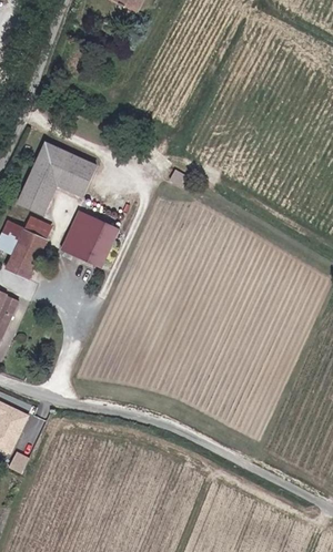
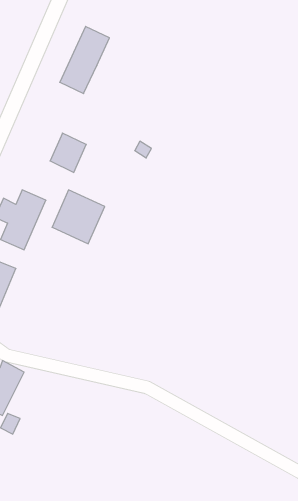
building: [18,140,71,212] -> [60,26,109,94]

